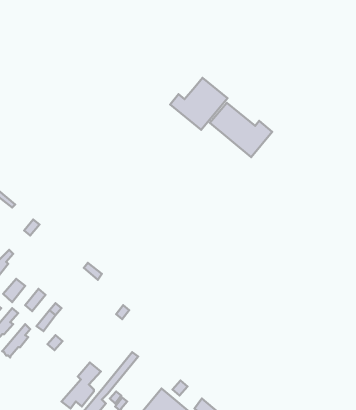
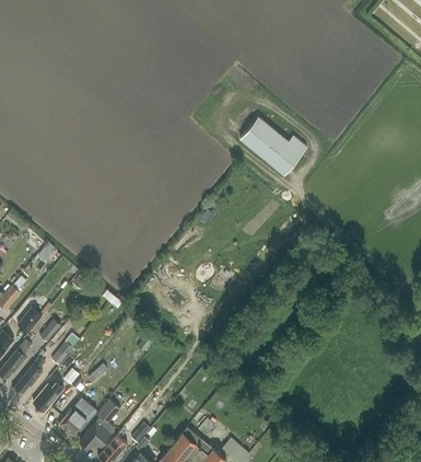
building: [170,78,227,130] -> none
building: none -> [32,382,63,412]
building: none -> [59,404,91,436]

